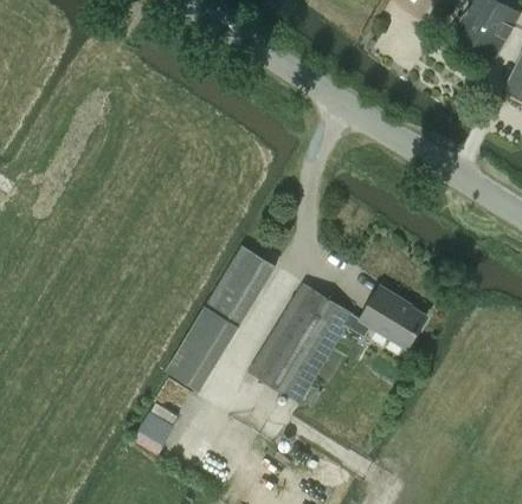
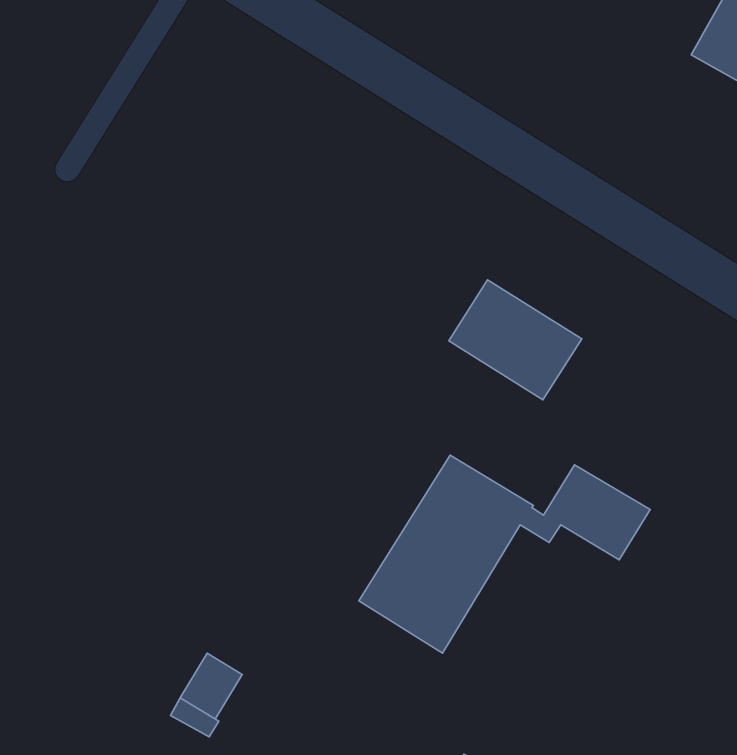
building: none -> [449,280,582,400]
building: [166,245,276,390] -> none

